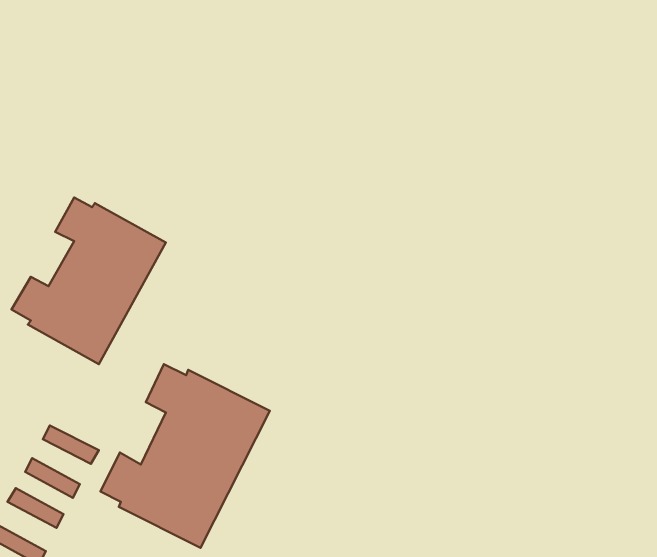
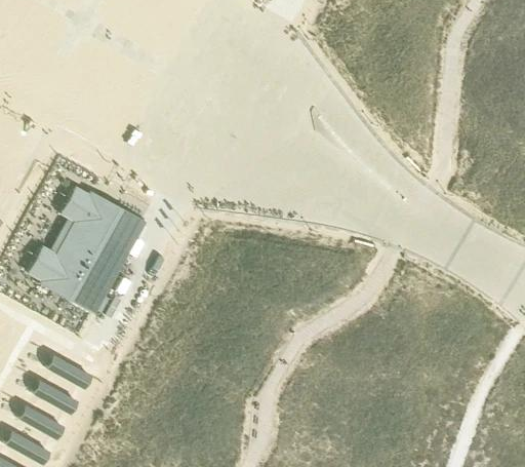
building: [101,364,270,548] -> none

